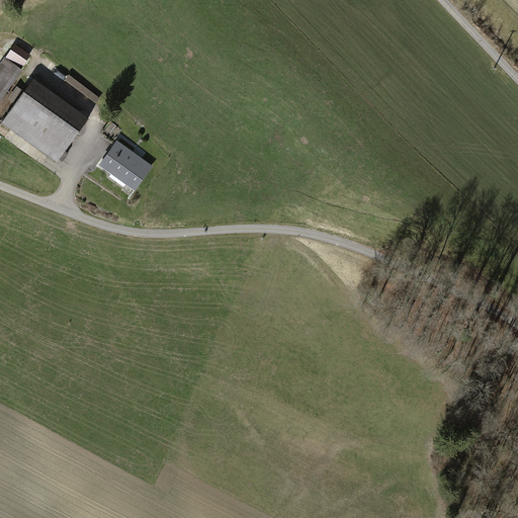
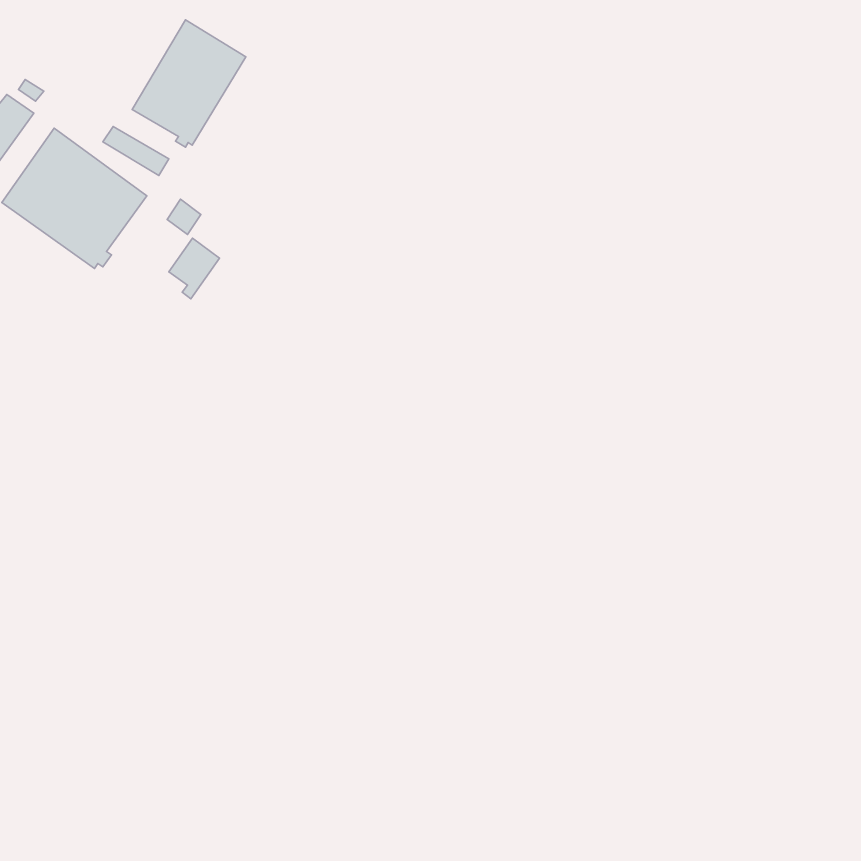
building: none -> [132,20,246,147]
building: [114,155,148,186] -> none

